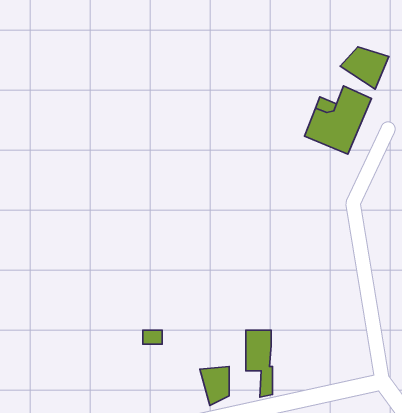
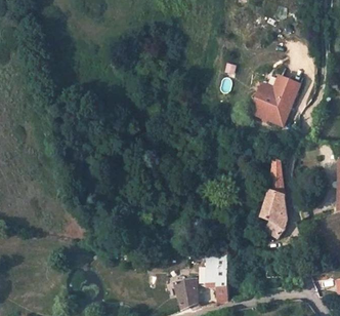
building: [340,47,389,89] -> none
building: none -> [262,159,288,240]

